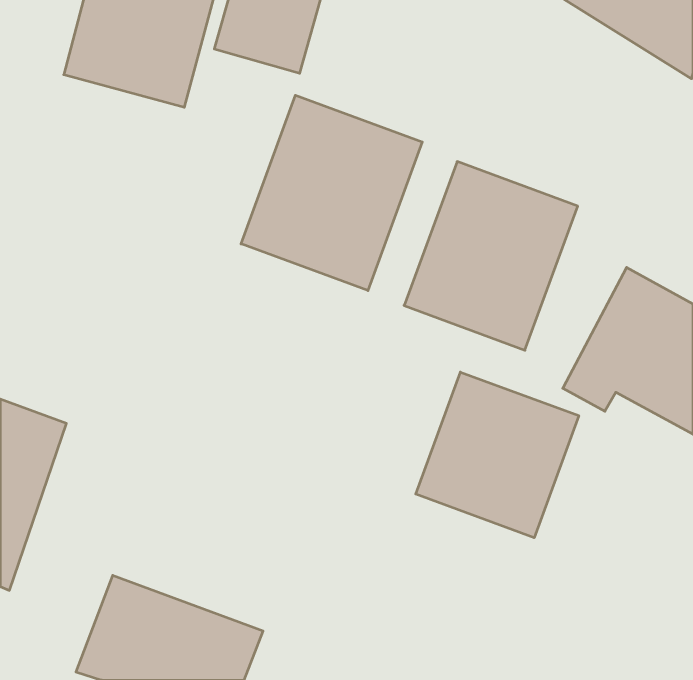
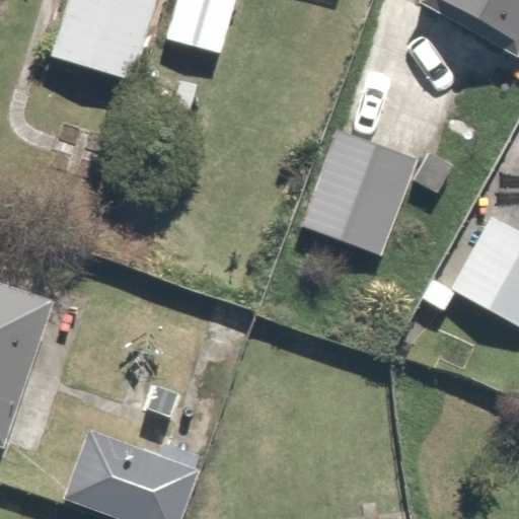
building: [241,95,422,291] -> none
building: [416,372,579,538] -> none

